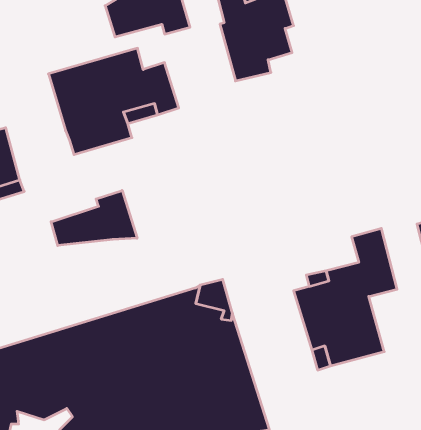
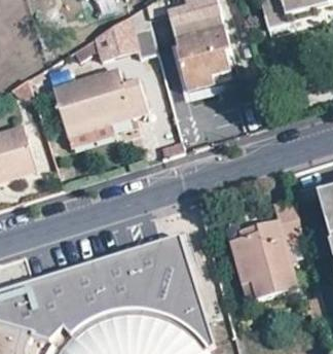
building: [51,190,137,246] -> none

